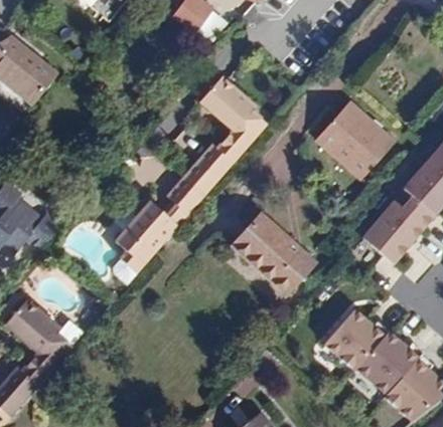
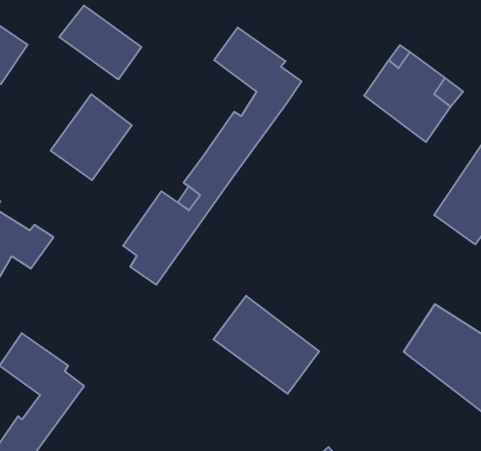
building: none -> [59,6,141,79]
building: none -> [51,94,132,180]
building: [232,213,314,293] -> [213,296,319,394]

